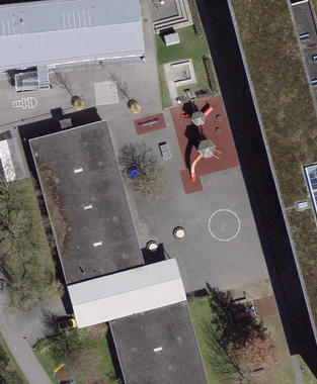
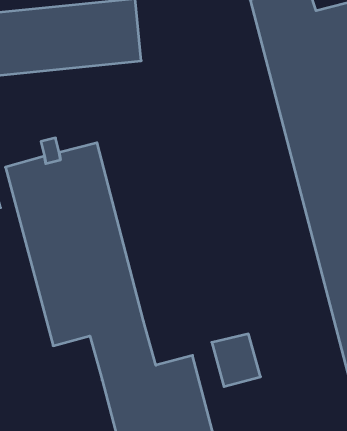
building: [144,261,184,304] -> [212,334,261,387]
building: [69,280,109,324] -> none

